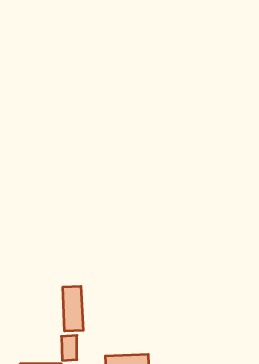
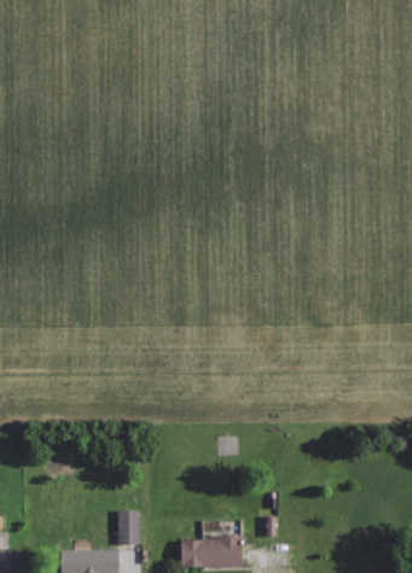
building: [63,286,83,331] -> none

